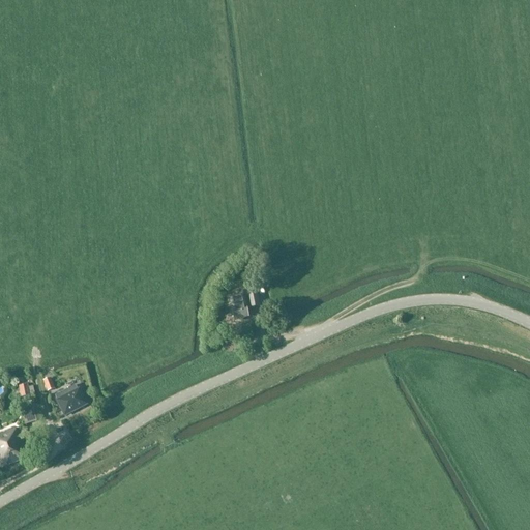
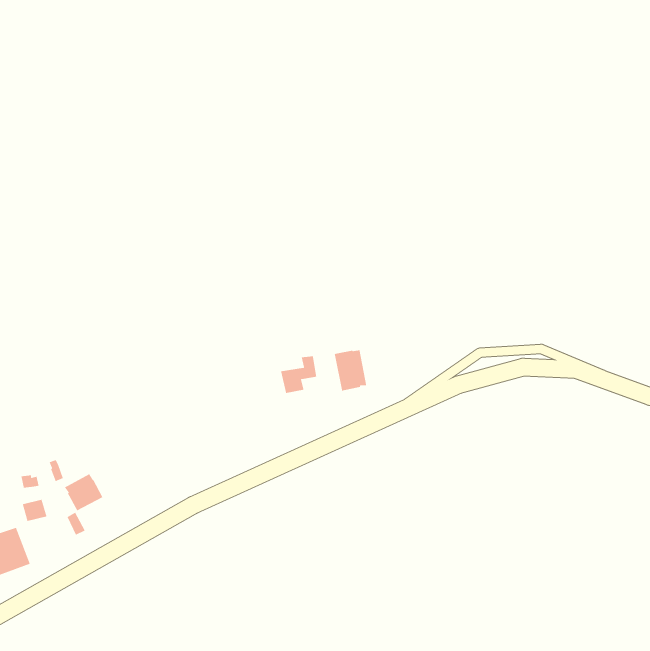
building: none -> [334,350,367,391]

